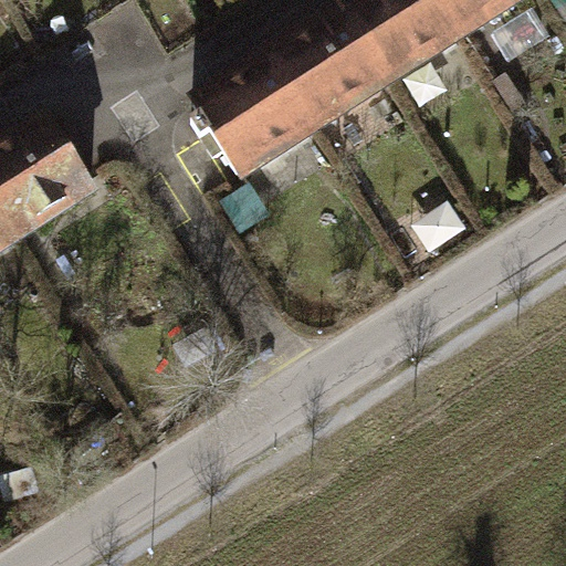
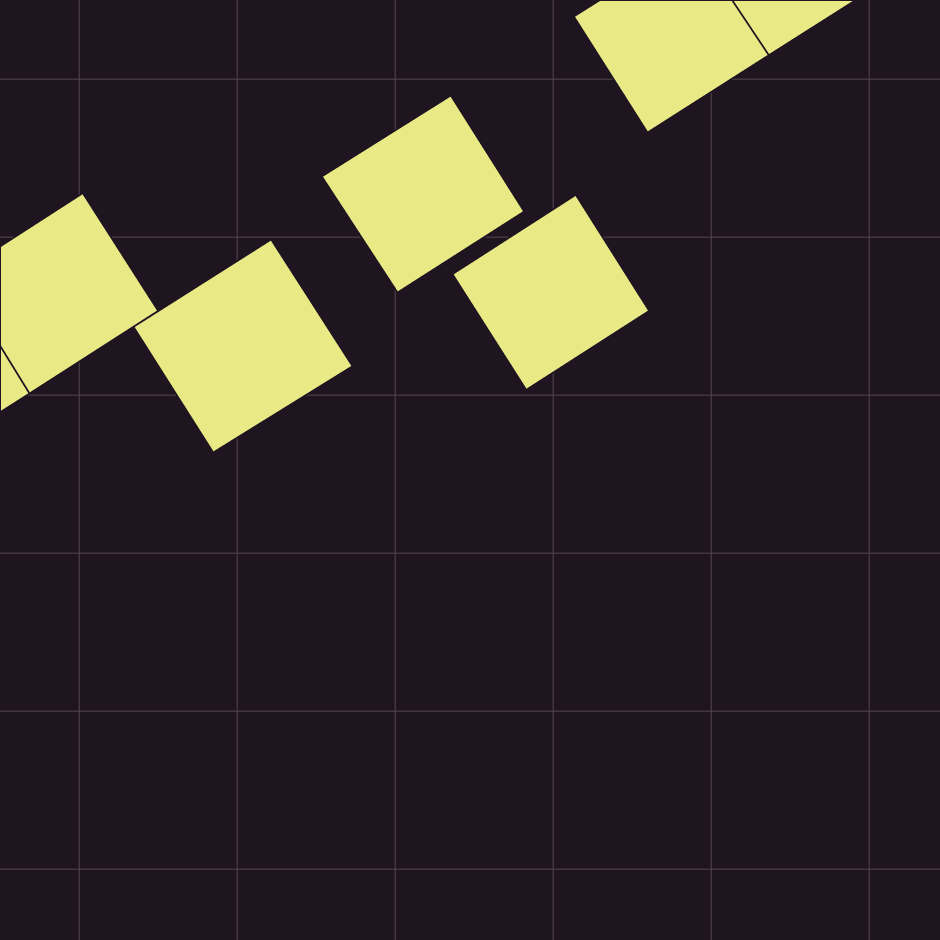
building: [271,10,389,127] -> [452,195,649,390]
building: none -> [133,239,352,453]

